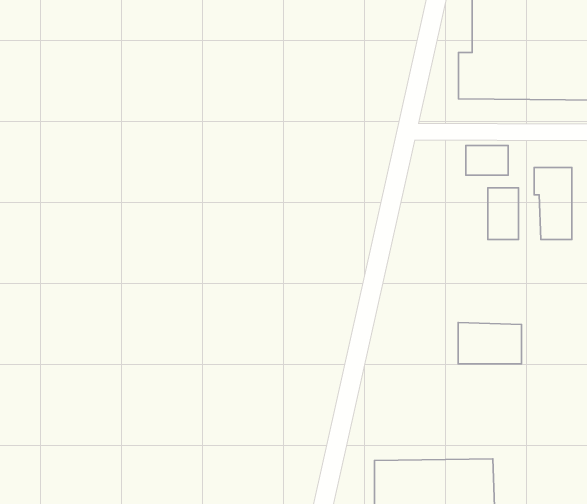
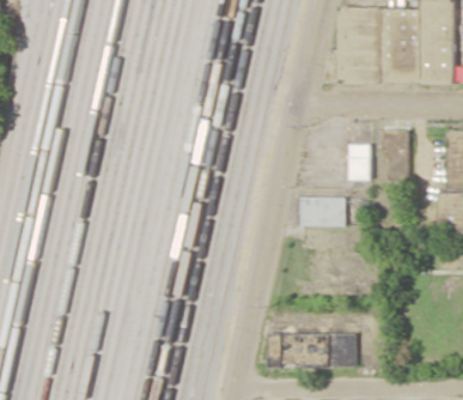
building: [466,146,508,175] -> none
building: [458,323,522,364] -> [300,196,345,225]

